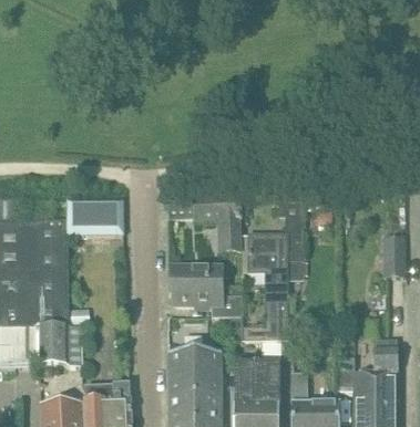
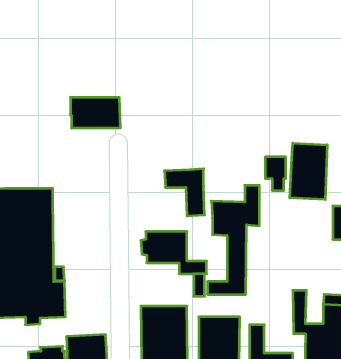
building: none -> [290,143,327,200]
building: [68,198,124,232] -> [70,97,120,128]

